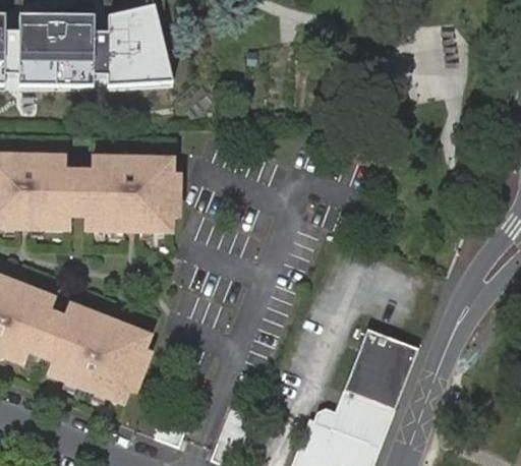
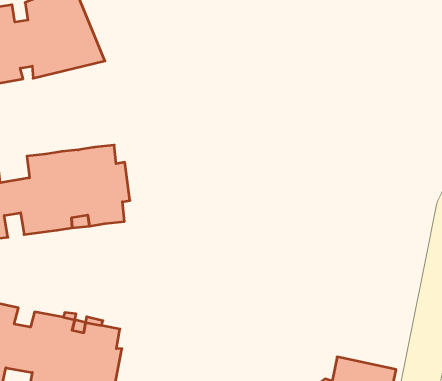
building: [343,326,418,407] -> none

